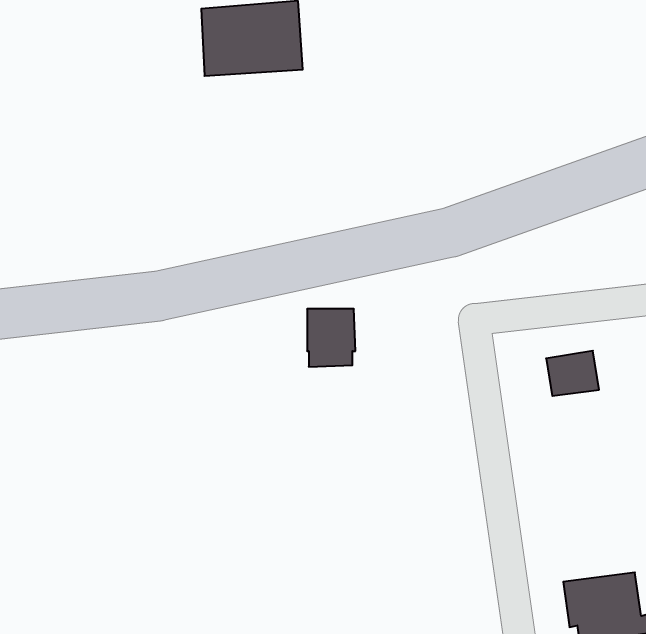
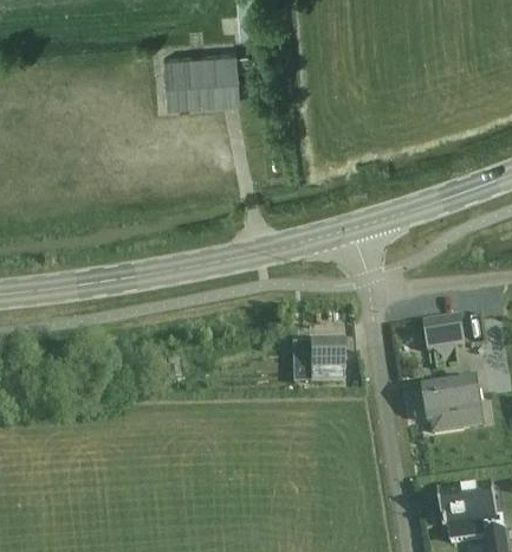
building: [307,309,355,367] -> [307,338,344,381]
building: none -> [422,380,481,431]

